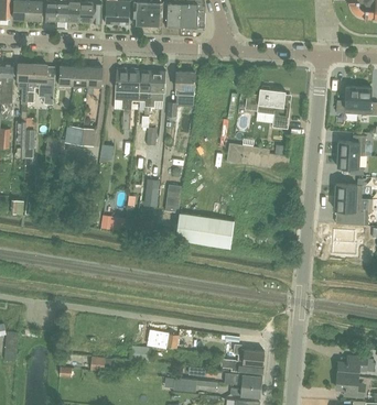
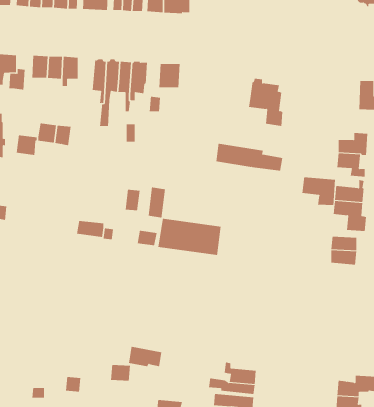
building: [335,86,357,113] -> none
building: none -> [302,177,336,206]

